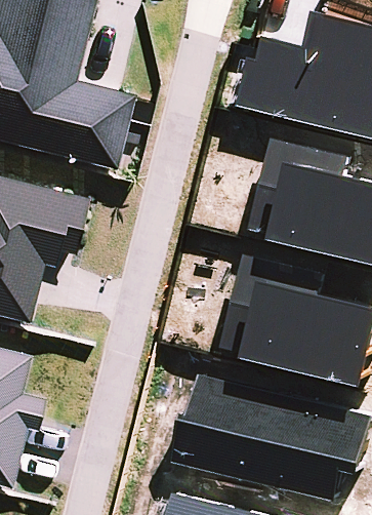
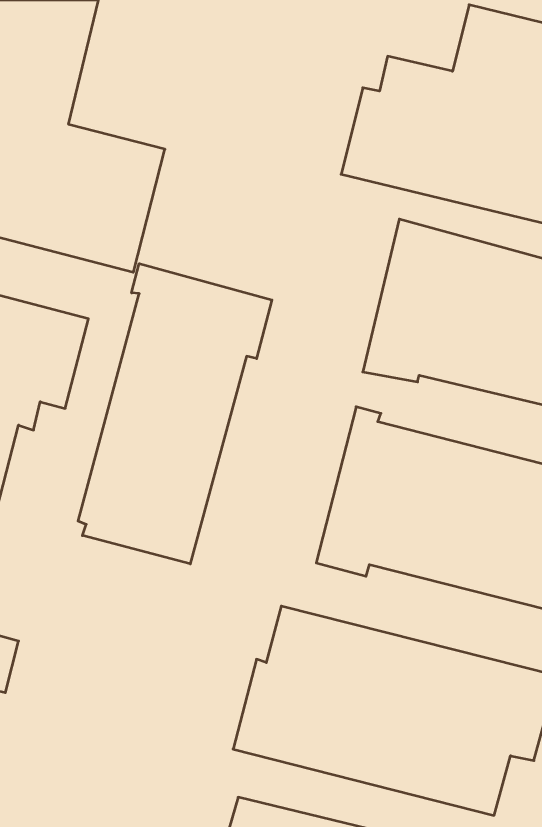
building: none -> [78,264,272,564]

